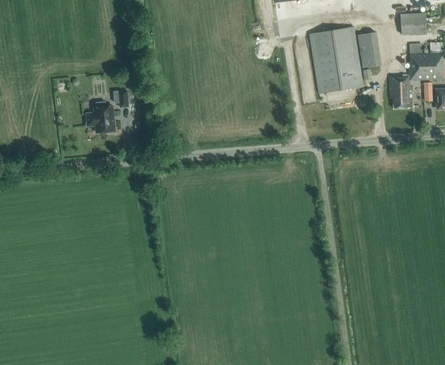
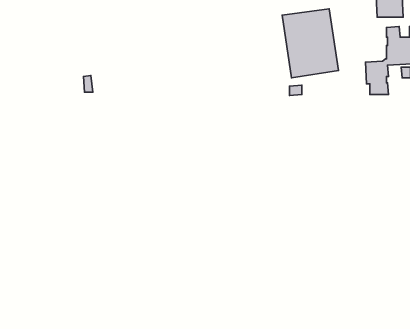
building: [358,32,381,67] -> none
building: [86,102,114,133] -> none

